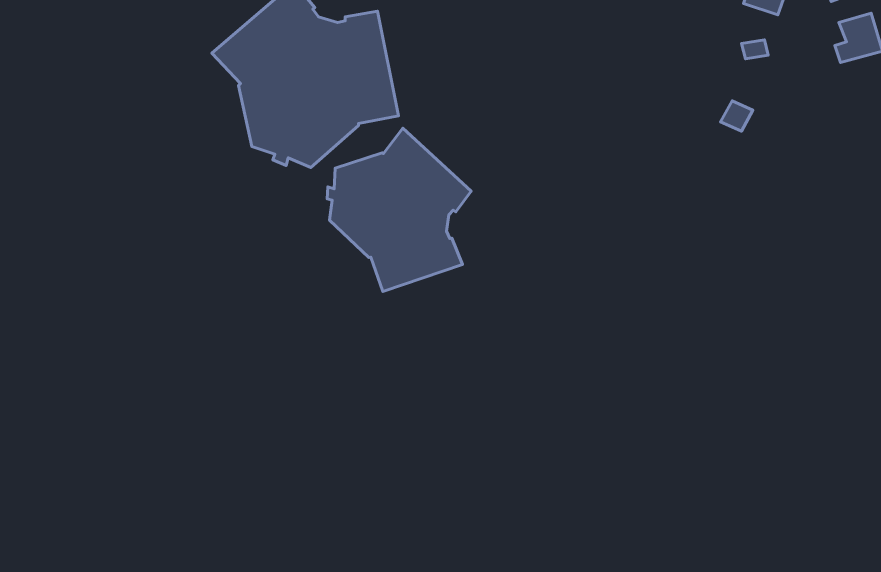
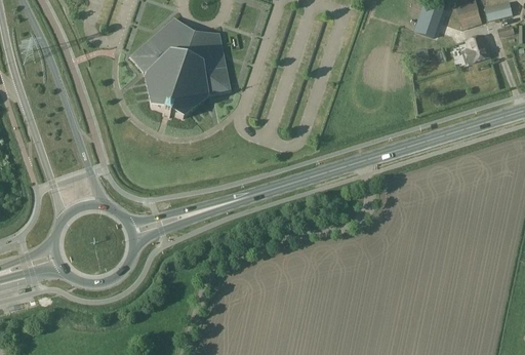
building: [327,128,471,292] -> none

